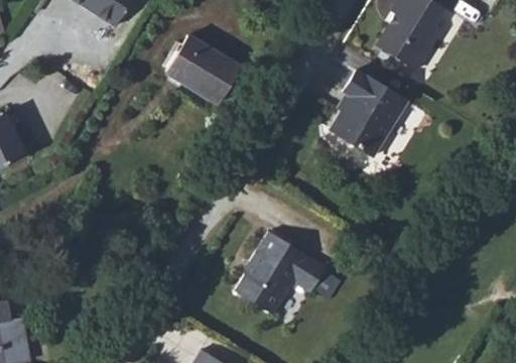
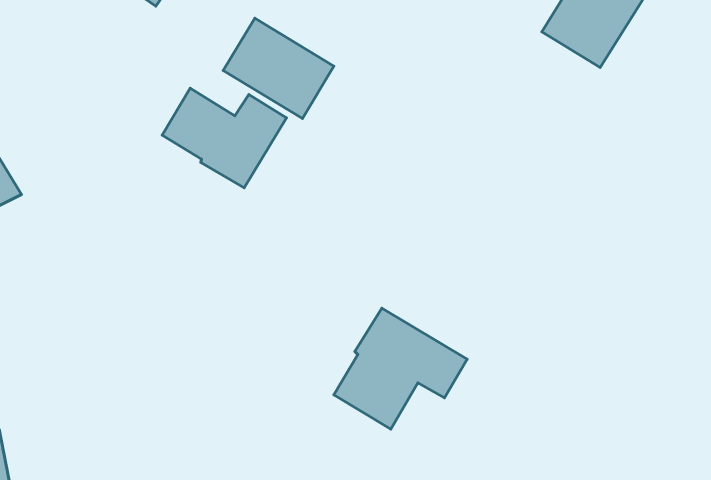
building: [333,69,410,156] -> none
building: none -> [162,88,286,188]

